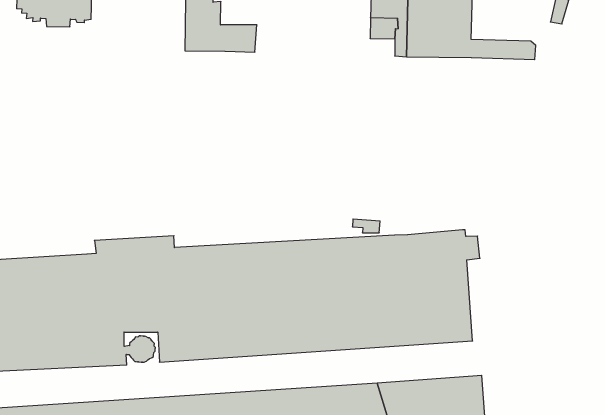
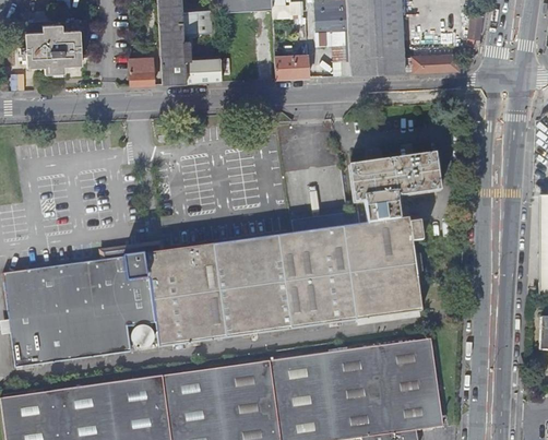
building: none -> [130,57,155,84]
building: none -> [275,53,308,78]
building: none -> [348,152,441,224]

